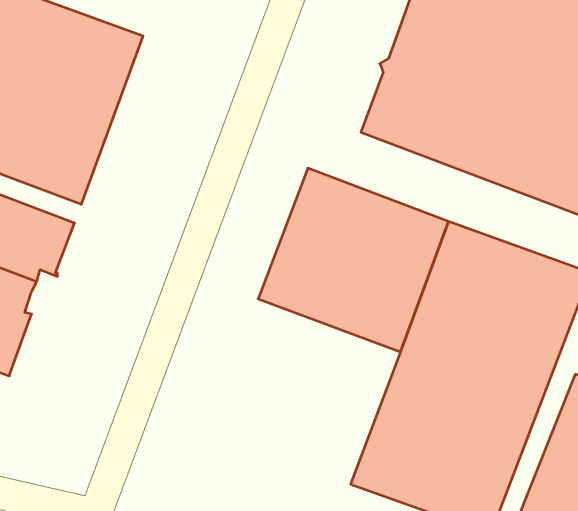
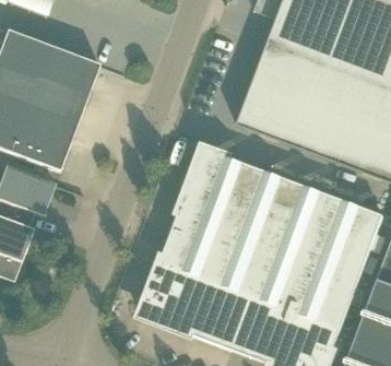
building: none -> [141,229,262,347]

